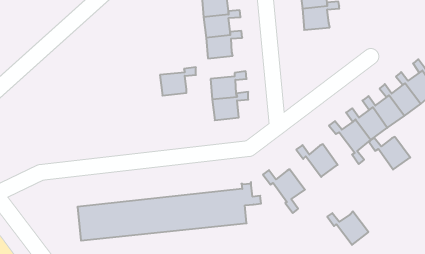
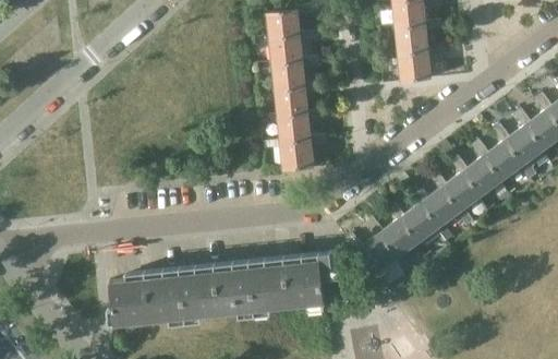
building: none -> [397,46,445,83]
building: [160,67,196,96] -> [275,83,320,119]
building: [369,137,410,170] -> [409,187,461,228]
building: [327,211,368,245] -> [366,217,418,260]

